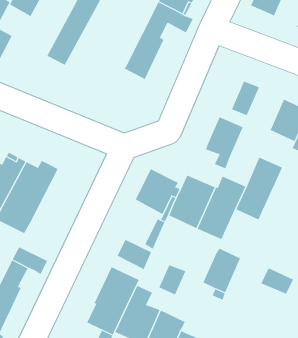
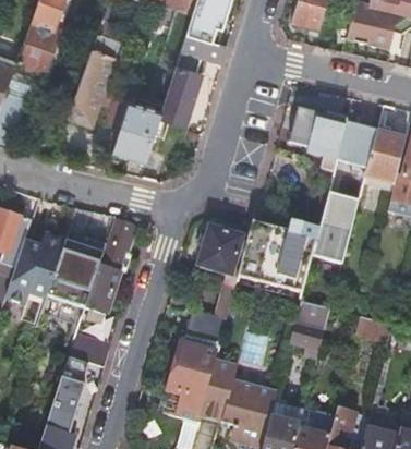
building: none -> [111,100,161,161]
building: [205,116,243,169] -> [307,112,347,171]
building: none -> [83,217,132,315]

